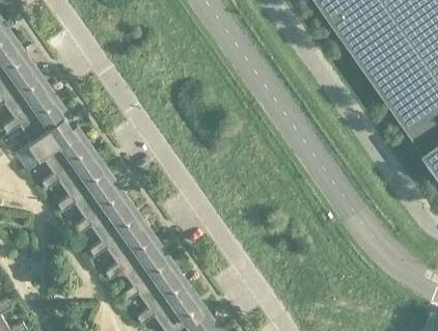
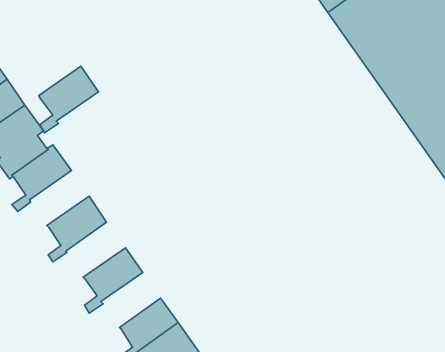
building: [57,154,110,213] -> [39,66,98,133]
building: [89,199,142,257] -> none
building: [120,244,173,303] -> none

